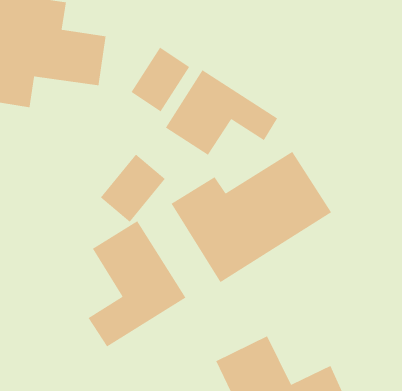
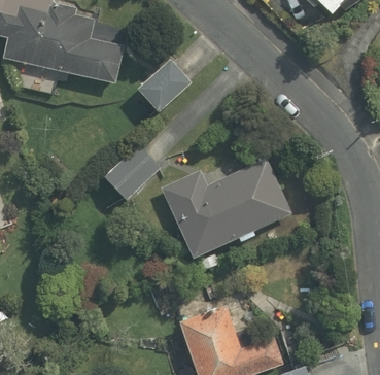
building: [165,69,278,156] -> none
building: [88,220,187,347] -> none

